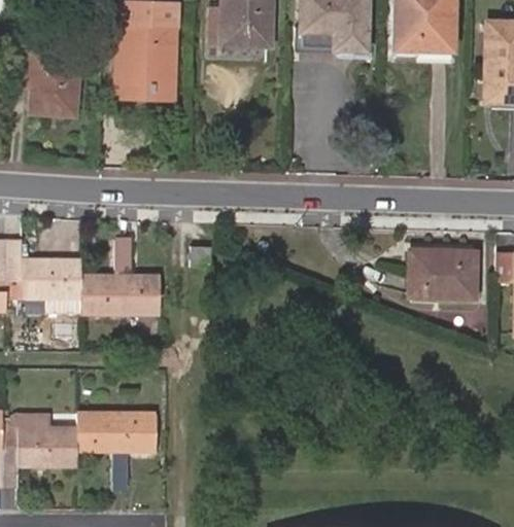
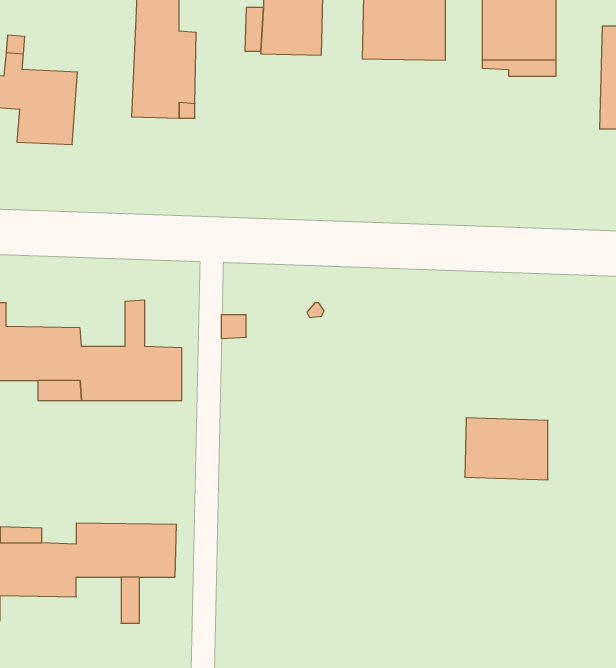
building: [410,250,475,298] -> [465,418,548,480]

